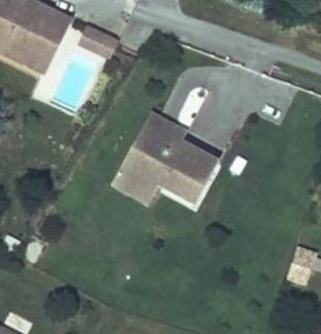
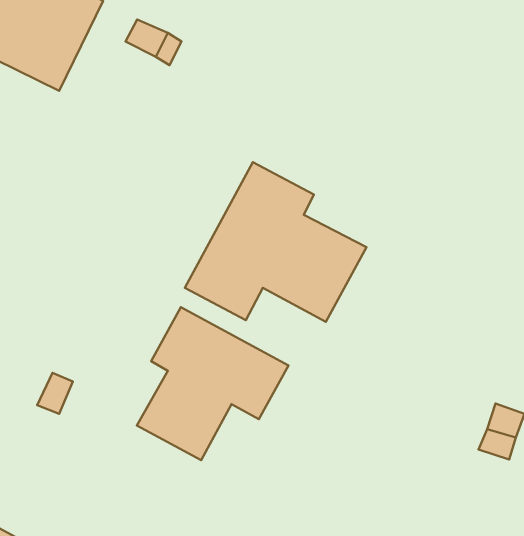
building: none -> [137,307,288,460]

